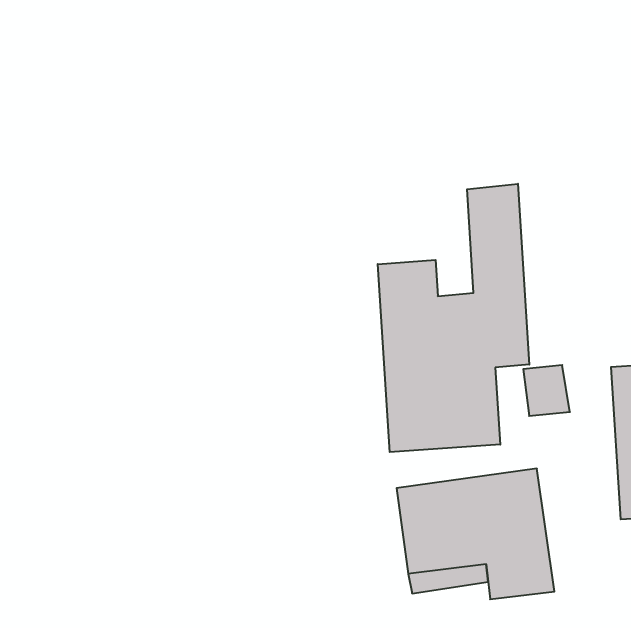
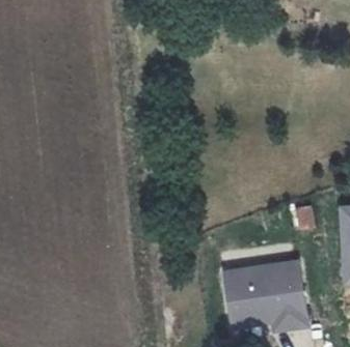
building: [378,184,529,452] -> none

